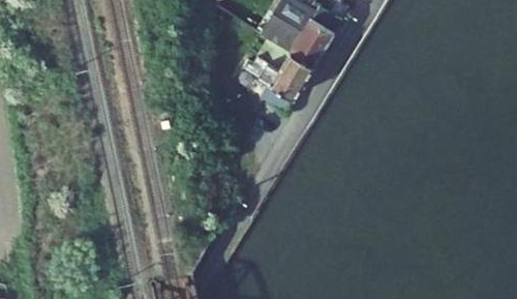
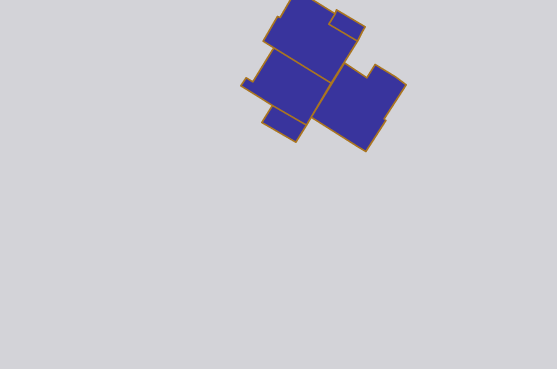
building: none -> [311,63,406,152]

